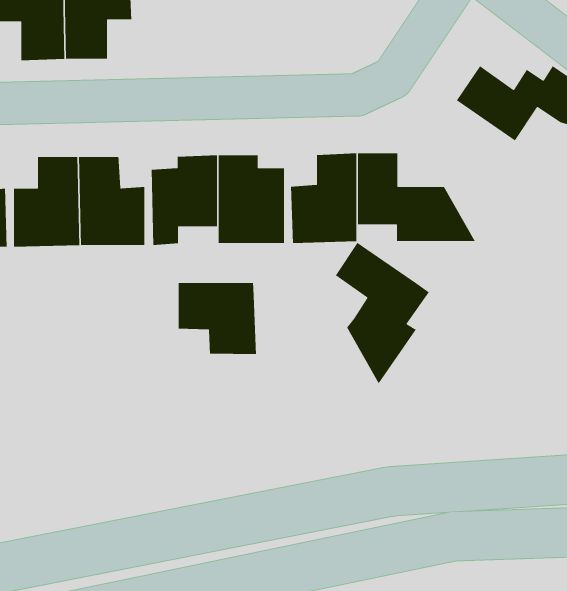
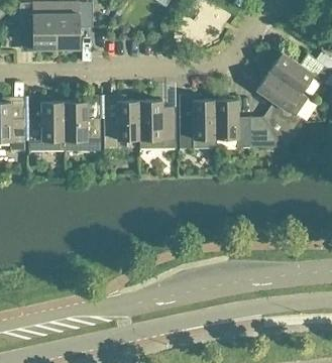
building: [335,242,430,384] -> [256,71,308,147]
building: [178,282,257,355] -> none

